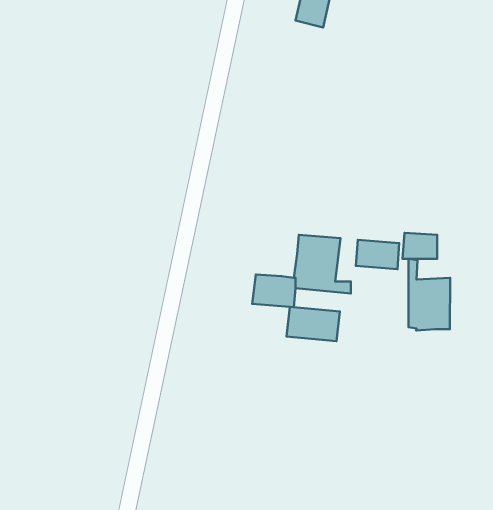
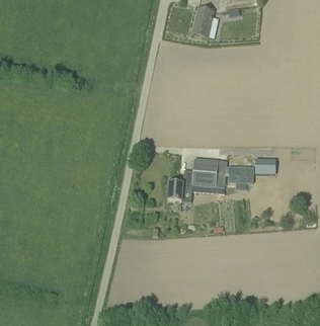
building: [408,259,450,331] -> none
building: [286,307,340,341] -> none

